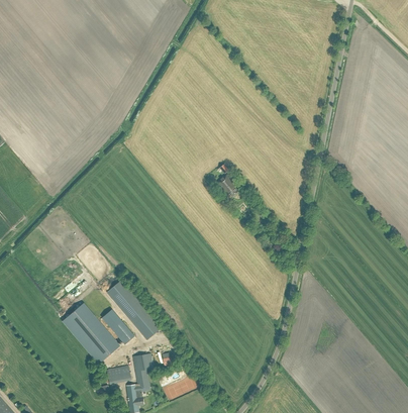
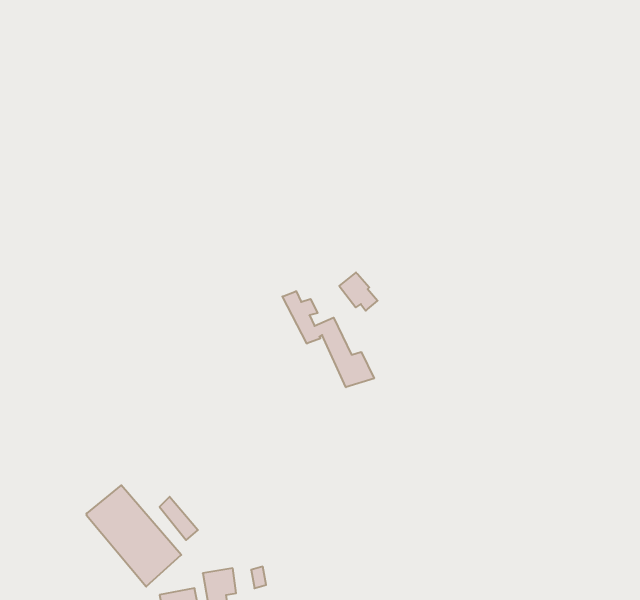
building: none -> [282,291,374,387]
building: [105,280,161,339] -> none

